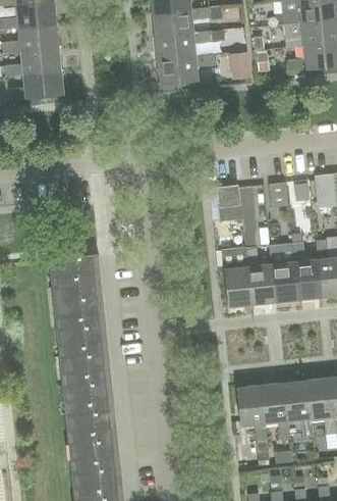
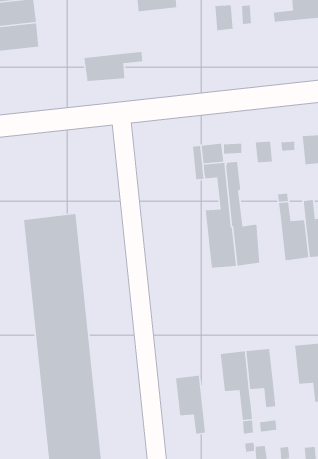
building: [158,54,215,84] -> [84,51,143,82]
building: [269,244,298,301] -> none
building: [284,380,314,437] -> [175,375,206,434]

